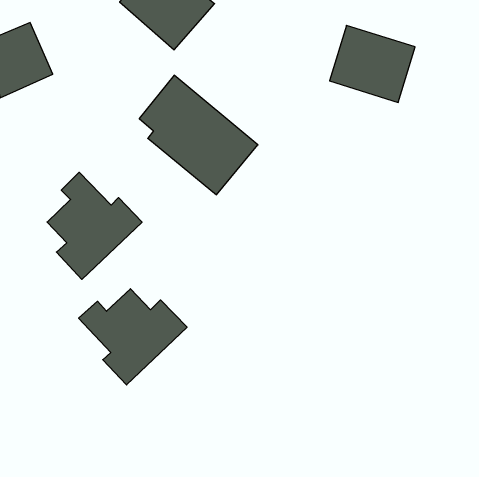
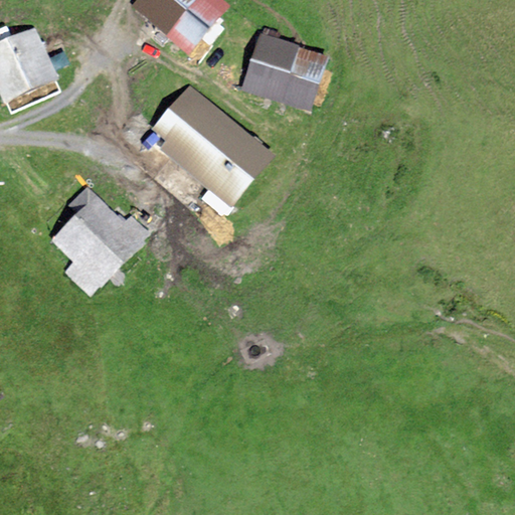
building: [330,25,415,102] -> [239,29,331,112]
building: [79,289,187,385] -> none

